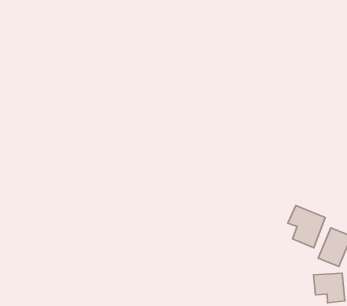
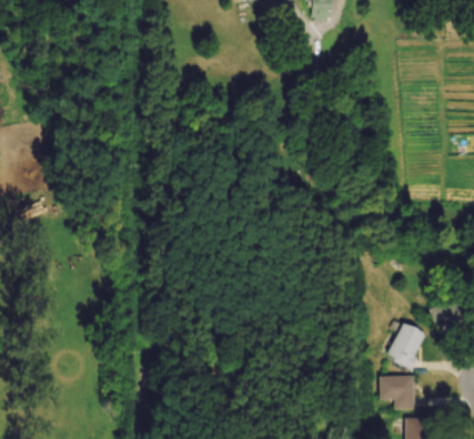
building: [288,205,325,248] -> none

